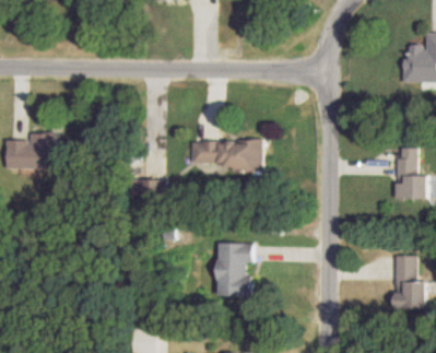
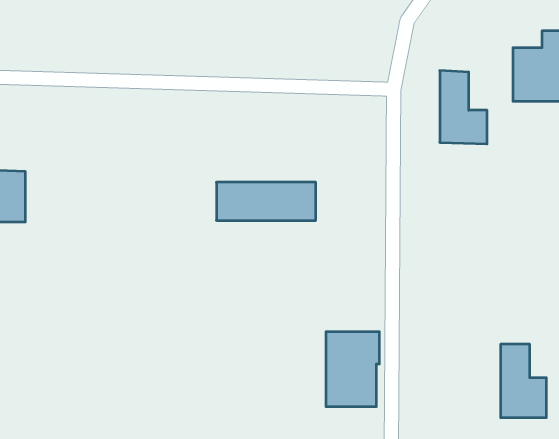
building: [394,146,428,199] -> [440,71,487,144]
building: [214,243,252,296] -> [326,332,379,407]

